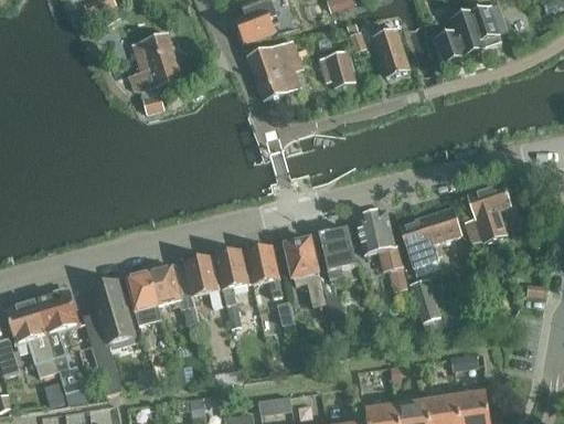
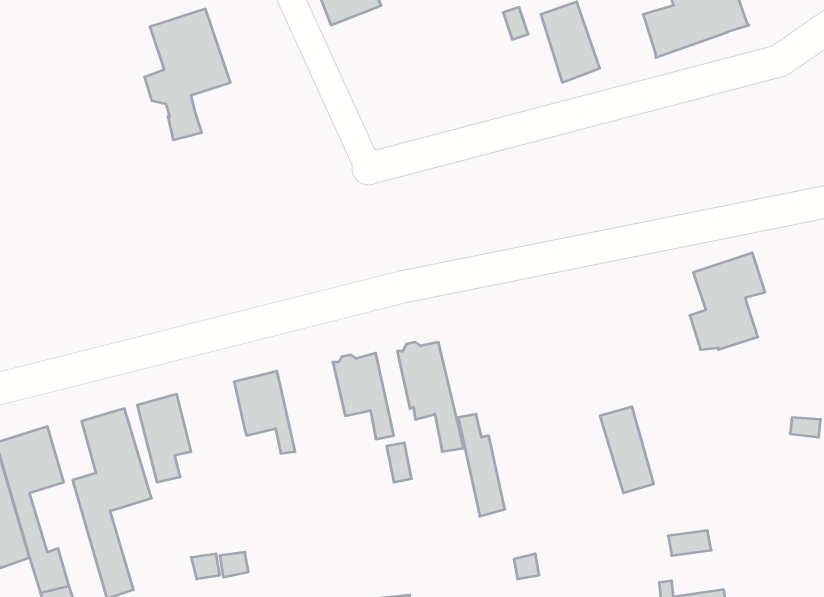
building: [247,42,300,99] -> none
building: [326,50,355,87] -> none
building: [398,205,461,268] -> none
building: [354,209,403,271] -> none
building: [319,226,357,275] -> none
building: [215,248,248,319] -> none
building: [149,264,198,325] -> none

